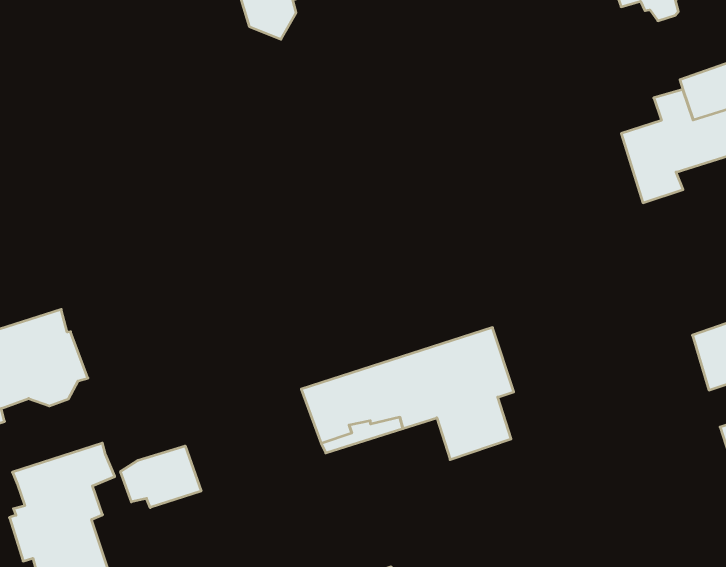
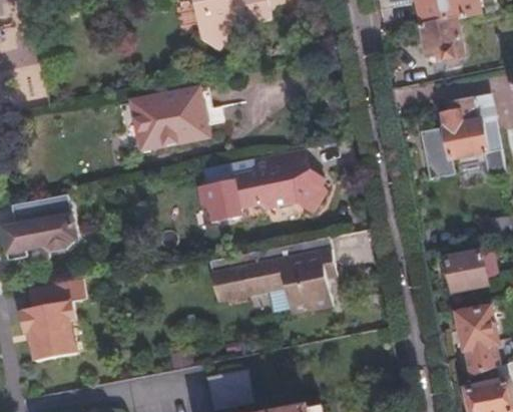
building: none -> [131,89,207,151]
building: none -> [199,147,328,223]
building: [121,446,201,508] -> none

